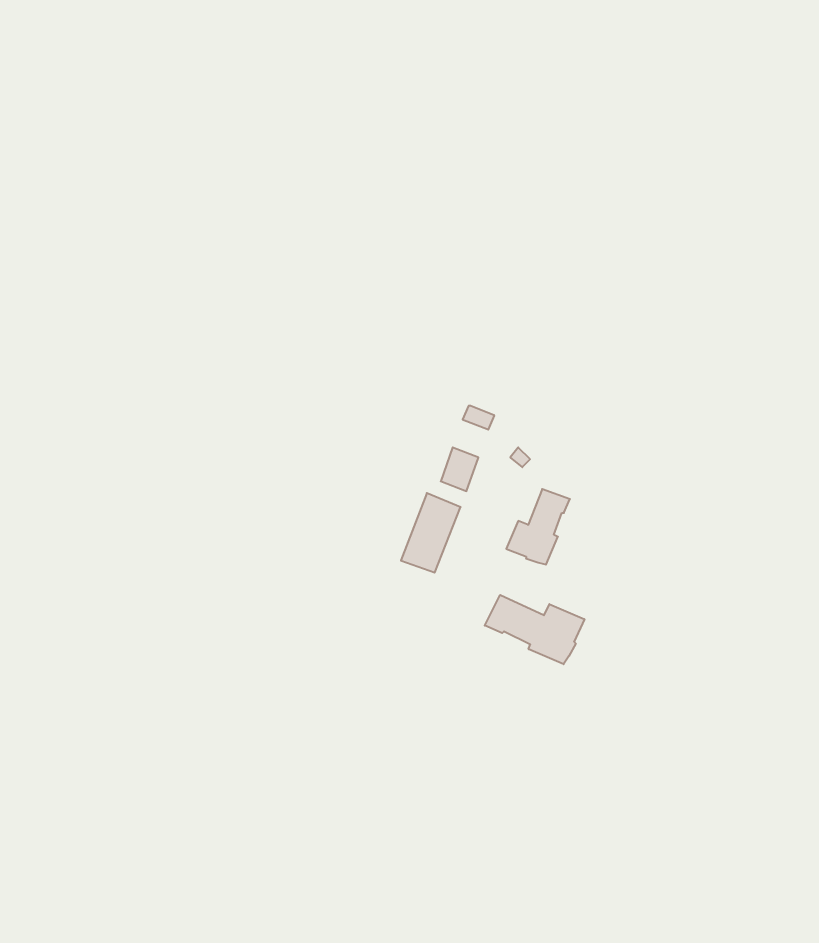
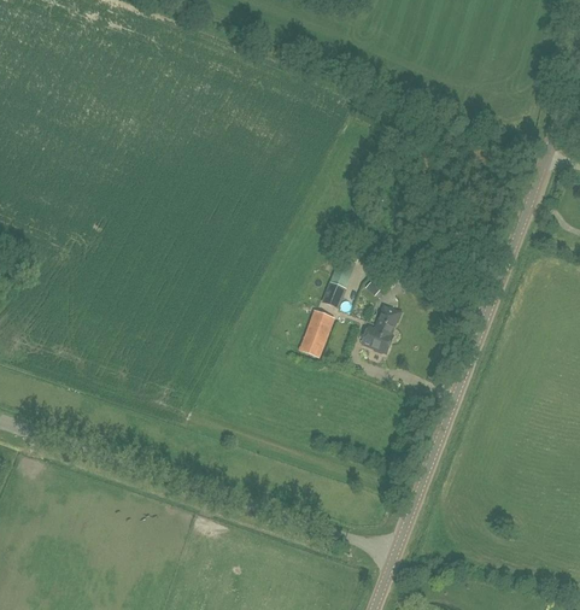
building: [485,595,584,664] -> none

